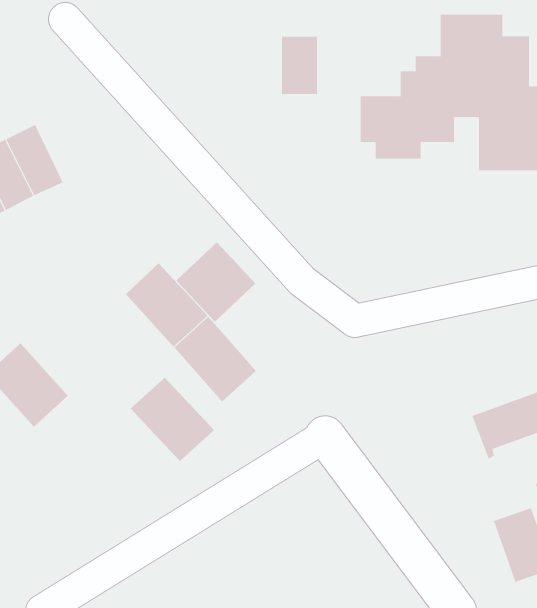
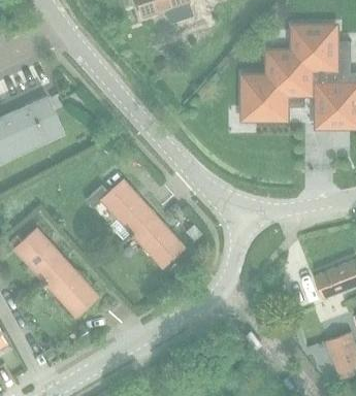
building: [282,36,317,95] -> none
building: [175,241,256,322] -> none
building: [130,377,215,462] -> [42,262,95,315]

